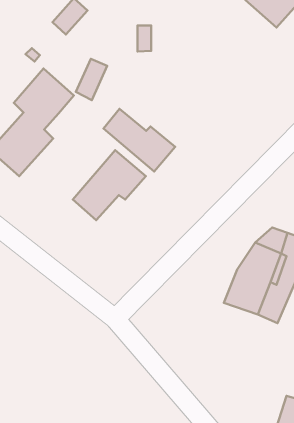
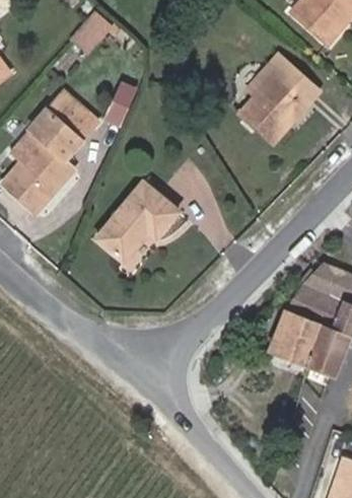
building: none -> [241,54,320,143]
building: [104,109,175,171] -> none

